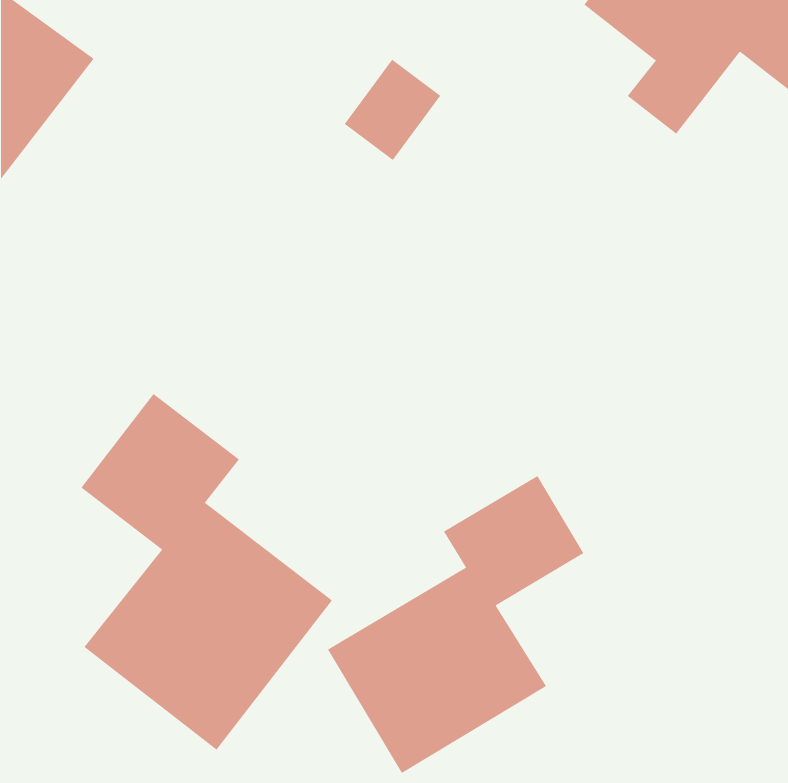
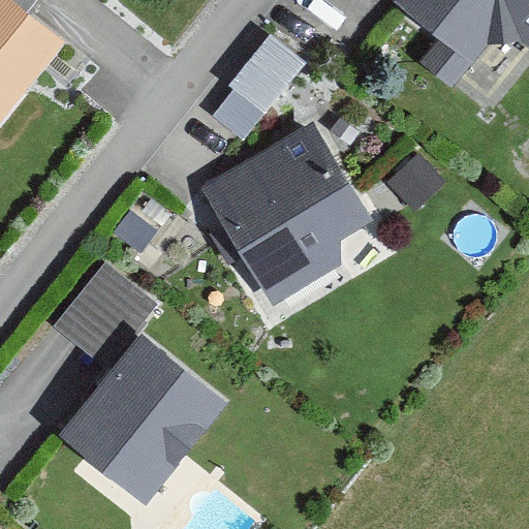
building: none -> [204,125,367,303]
building: [327,475,584,774] -> none

